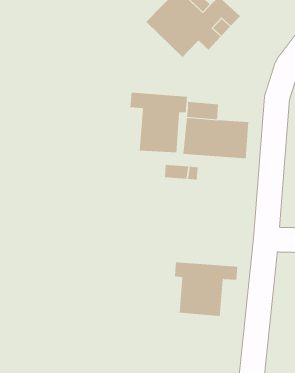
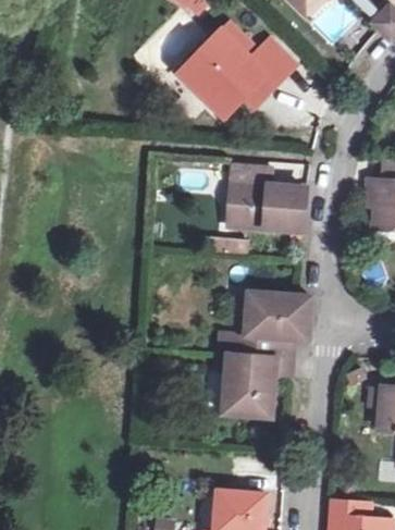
building: [130,92,188,153] -> none
building: none -> [219,292,311,358]

